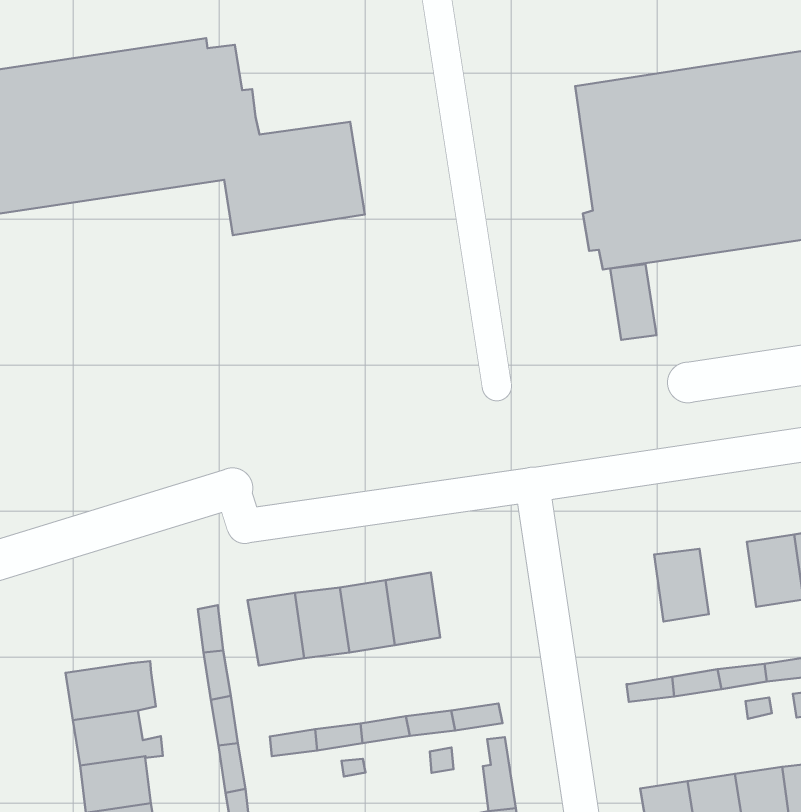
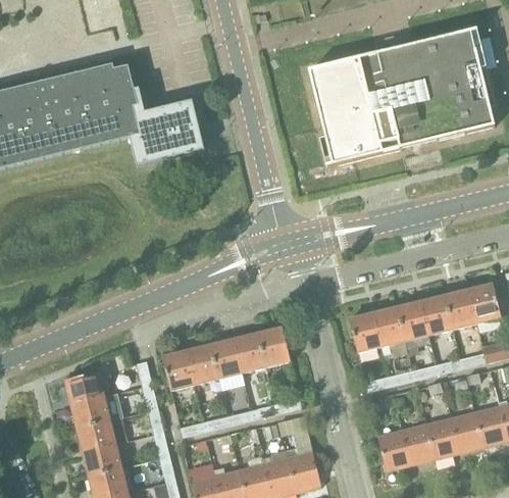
building: [610,264,656,340] -> none
building: none -> [397,300,429,340]
building: none -> [349,311,381,351]
building: none -> [257,326,292,365]
building: none -> [65,371,104,402]

